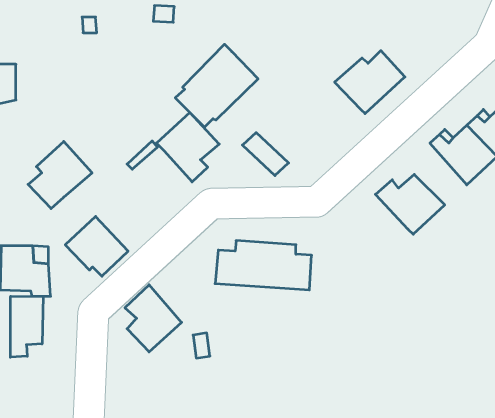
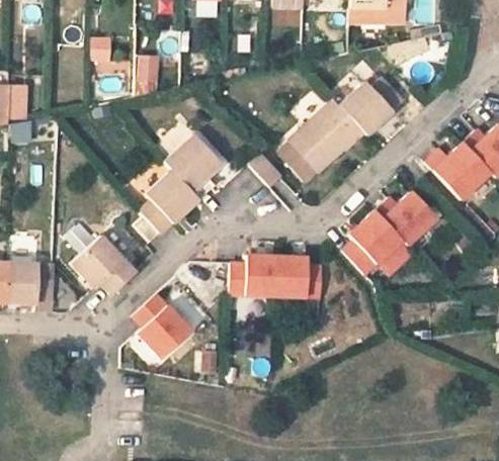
building: none -> [133,51,157,90]
building: [175,44,258,127] -> [281,97,361,177]
building: [28,141,92,209] -> [137,170,198,235]
building: none -> [347,212,407,280]
building: [10,296,43,357] -> none

